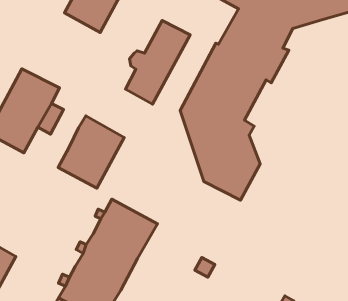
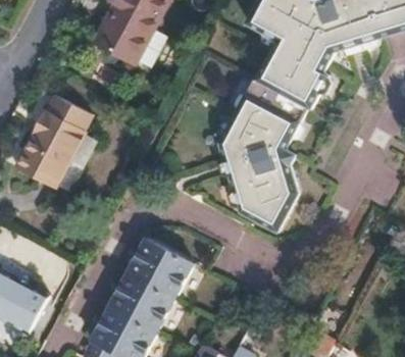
building: [125,20,190,104] -> none
building: [58,116,124,188] -> none

